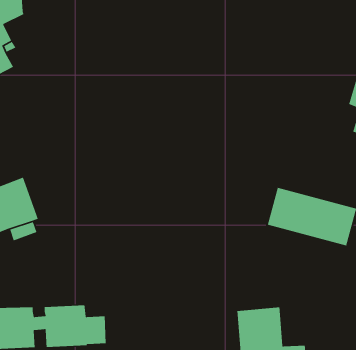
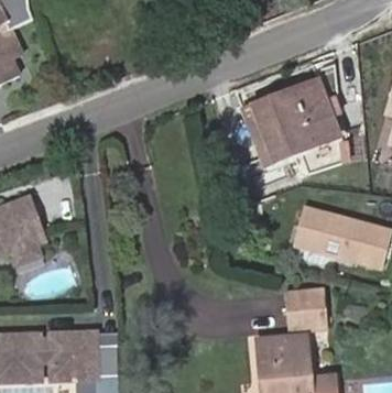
building: none -> [254,79,342,161]
building: none -> [288,290,327,330]

